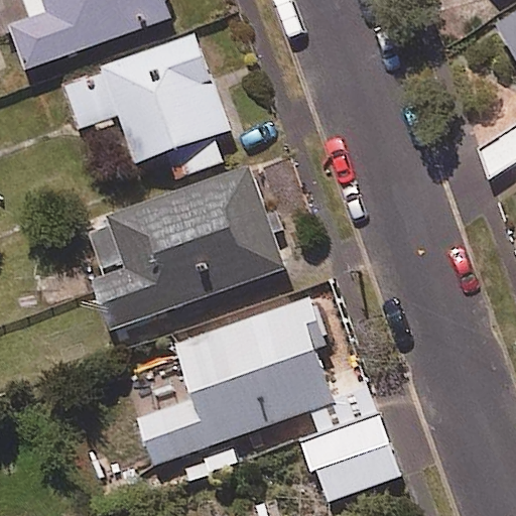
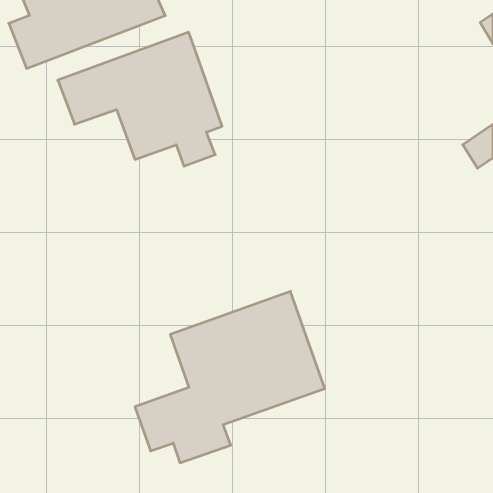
building: [85,164,286,329] -> none
building: [299,410,399,502] -> none

